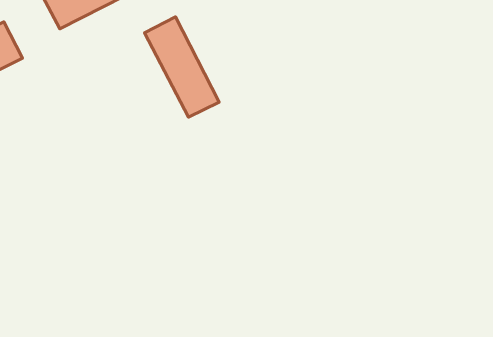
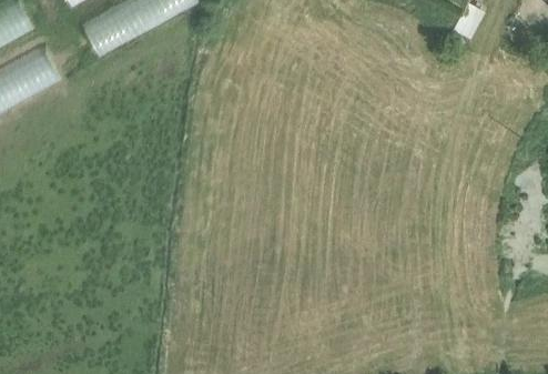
building: [144,17,219,117] -> none

